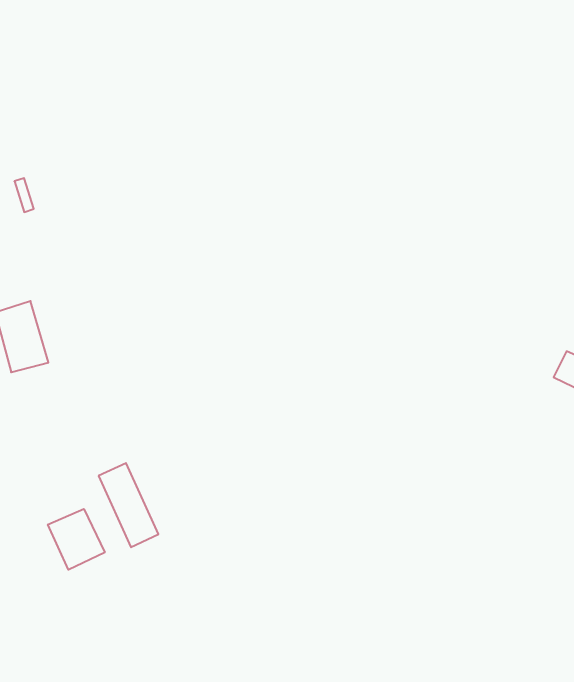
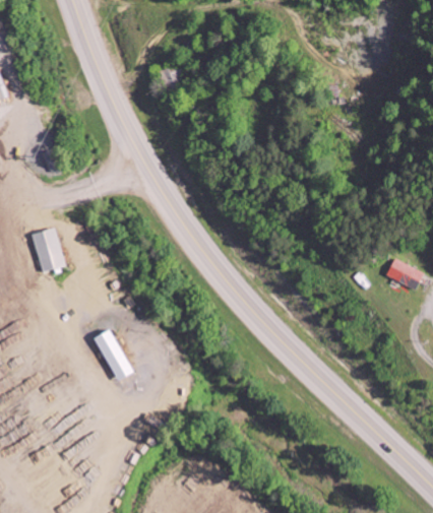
building: [48,509,105,570] -> none

